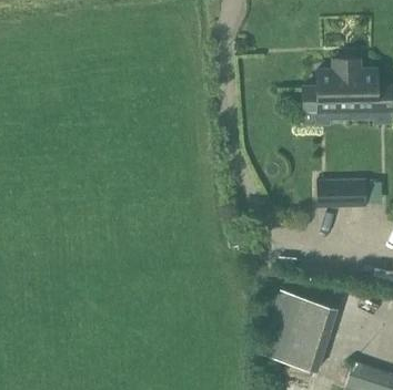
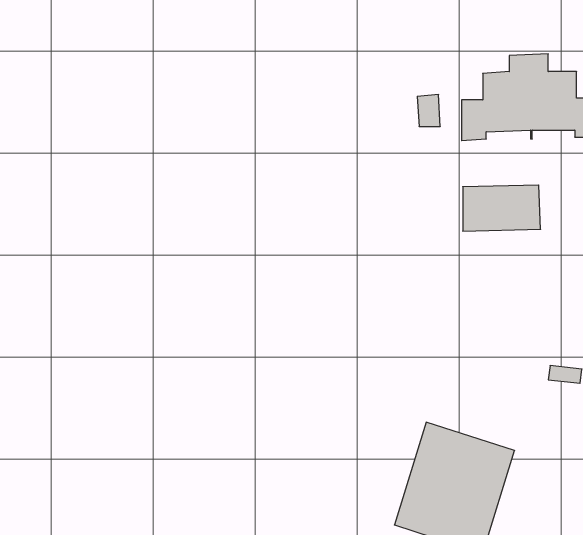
building: [316,178,365,207] -> [463,185,541,231]

